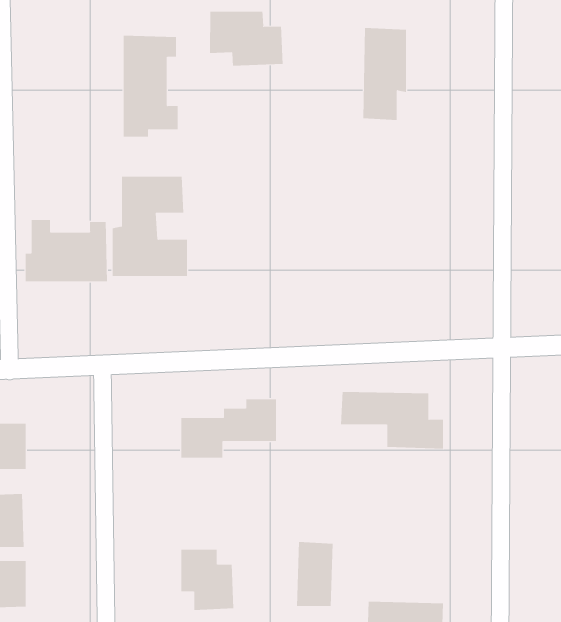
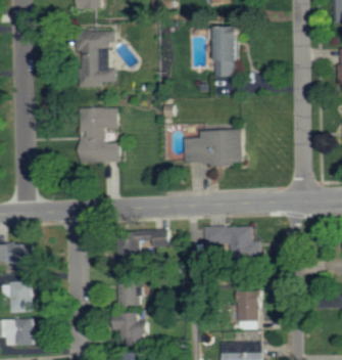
building: [210,11,283,66] -> none
building: none -> [183,130,244,165]
building: [25,219,108,282] -> none
building: none -> [115,274,138,306]
building: [296,542,333,607] -> [236,290,256,326]

